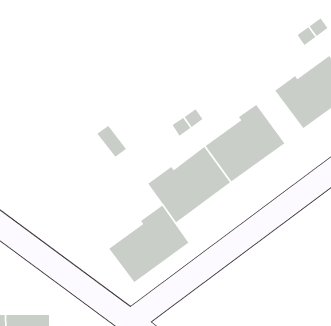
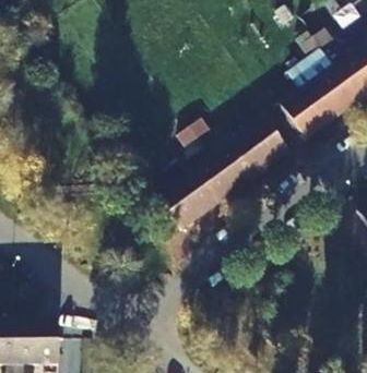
building: [108,205,189,283] -> none

